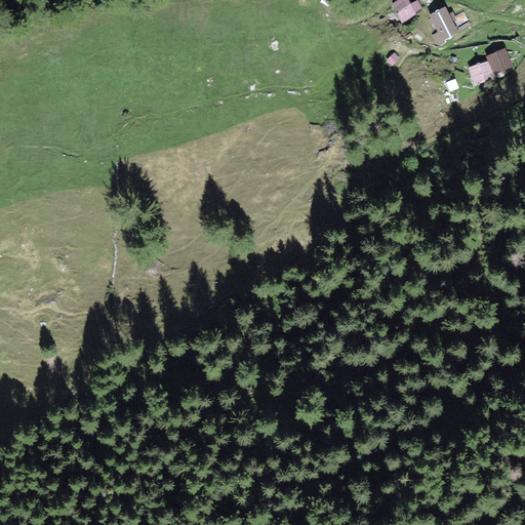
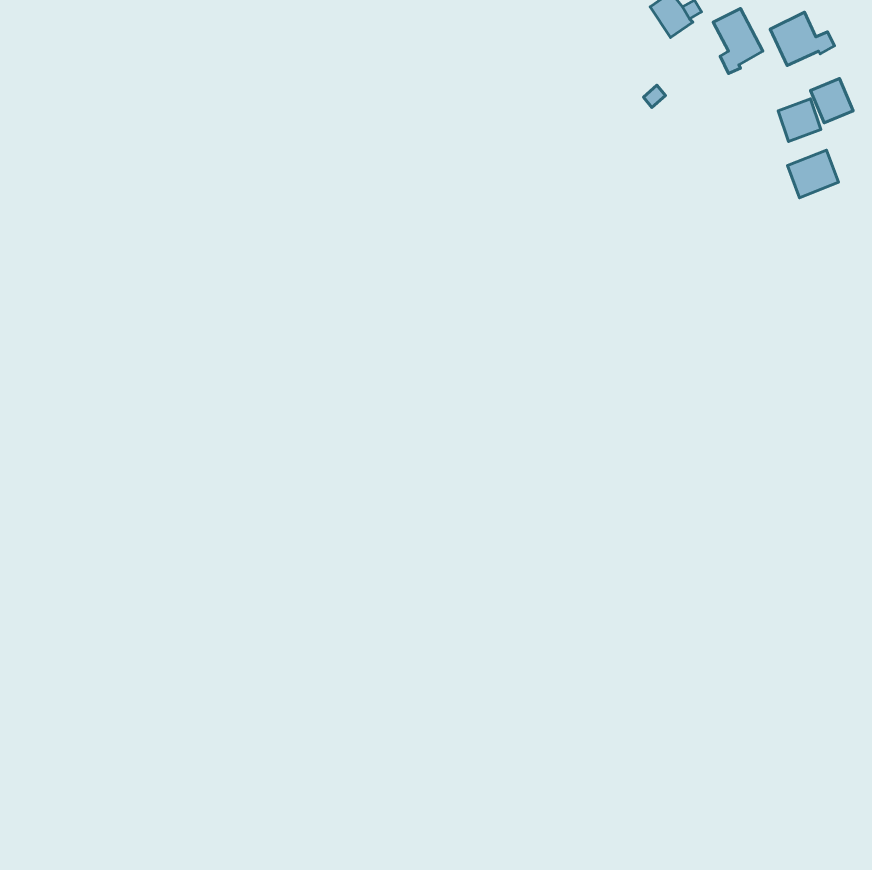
building: none -> [770,12,834,65]
building: none -> [787,150,838,198]

